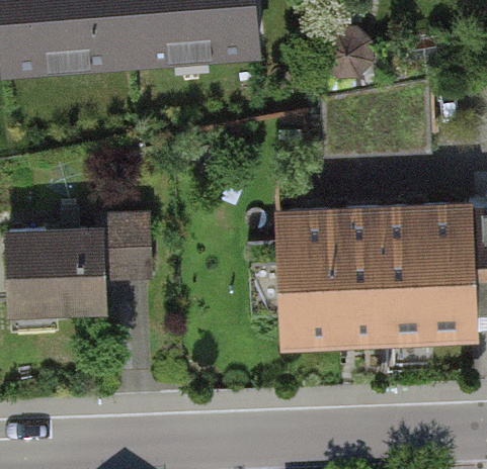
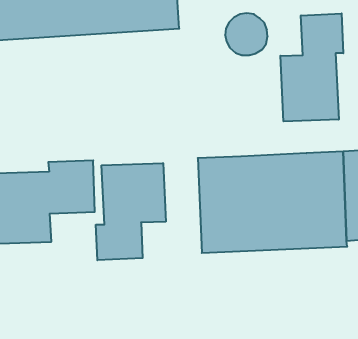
building: none -> [280,13,343,121]
building: none -> [96,163,166,260]

